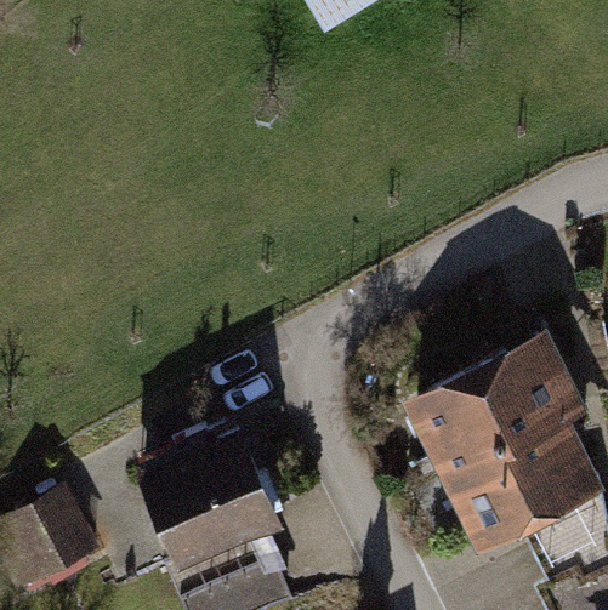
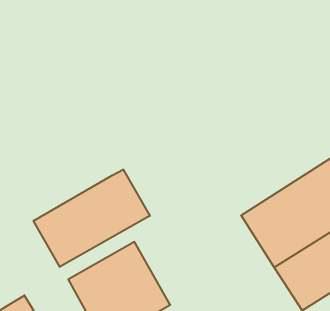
building: none -> [34,169,150,267]

